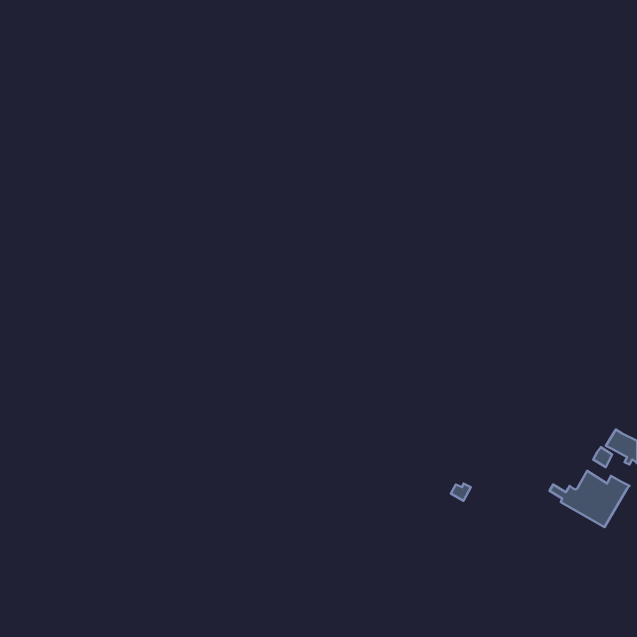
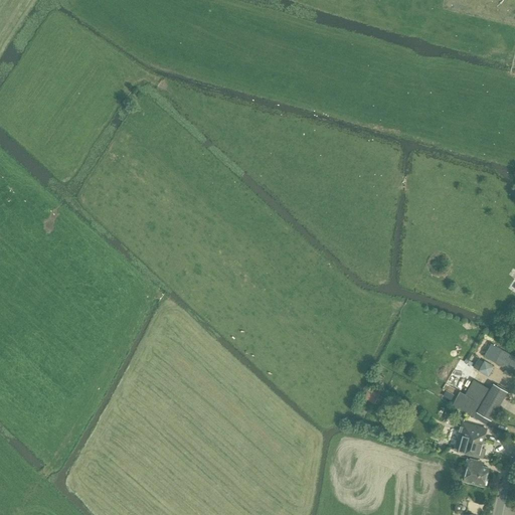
building: none -> [455,421,485,457]
building: none -> [464,459,488,485]

